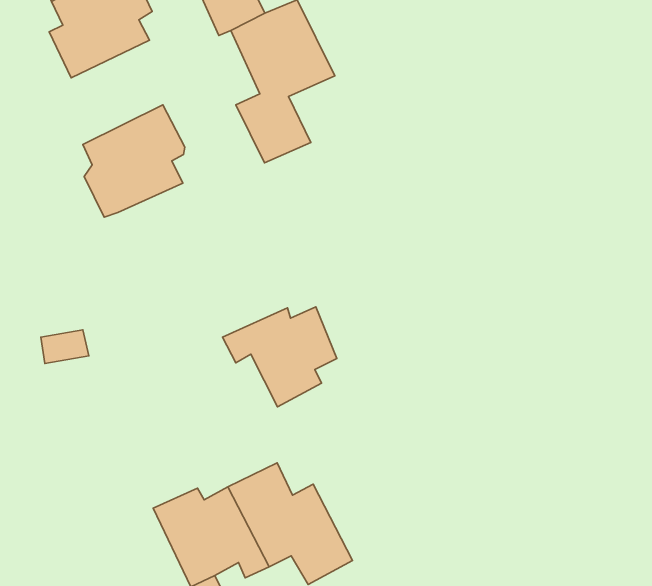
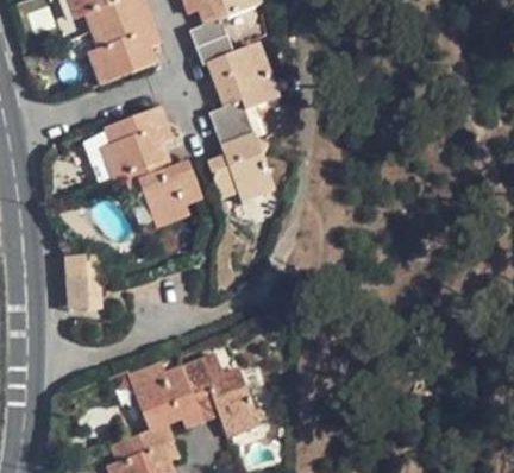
building: none -> [209,141,272,201]
building: [223,307,337,407] -> [124,160,199,226]
building: none -> [65,270,98,309]

